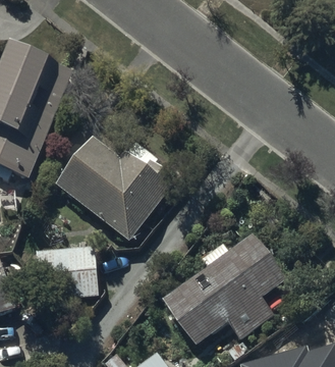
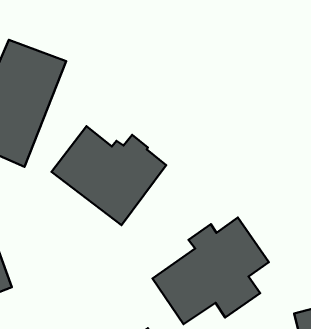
building: [36,246,98,297] -> none

